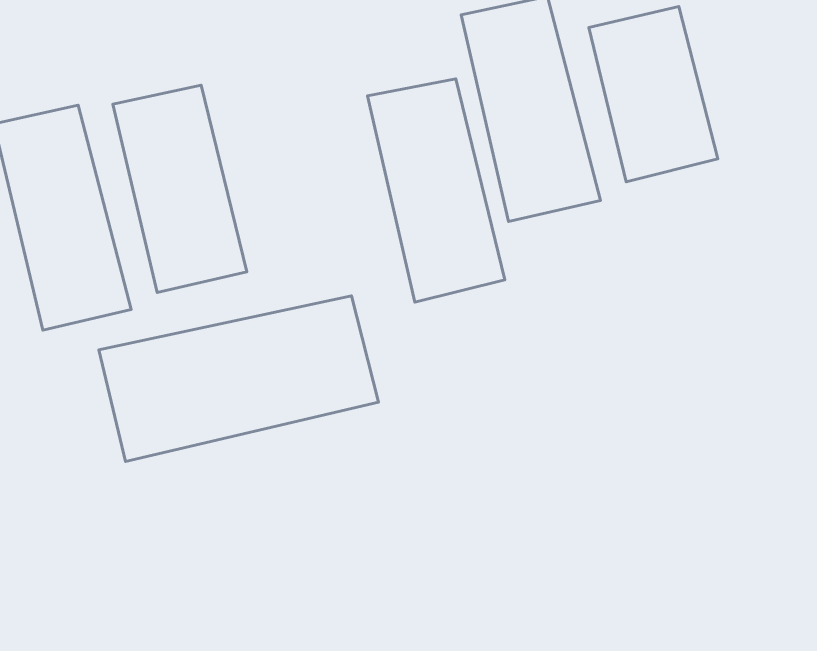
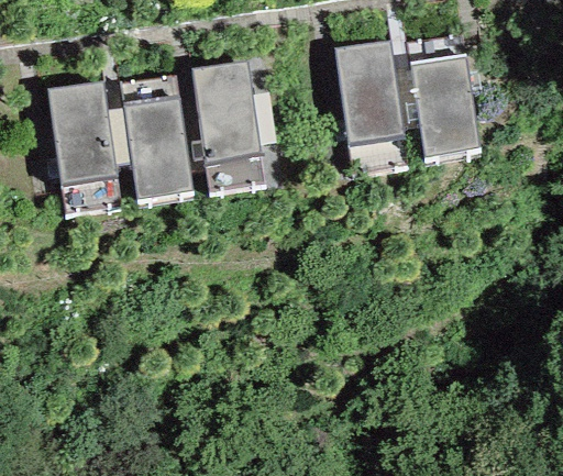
building: [367,79,505,302] -> [191,60,264,192]
building: [99,296,378,461] -> none

